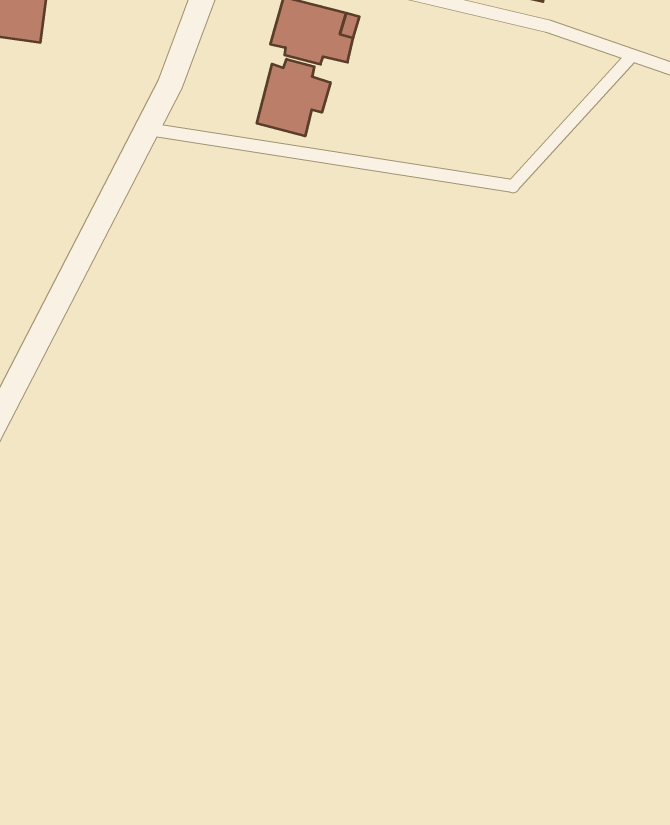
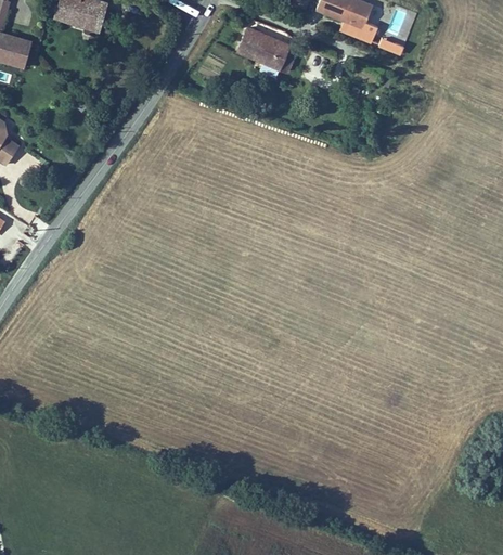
building: [257,59,330,136] -> none

